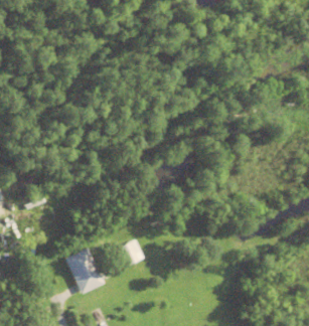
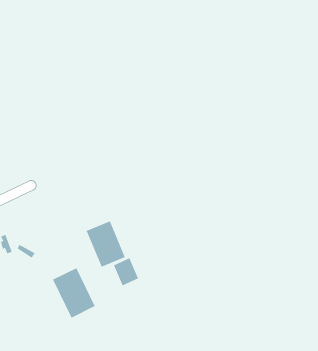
building: none -> [86,221,126,268]

